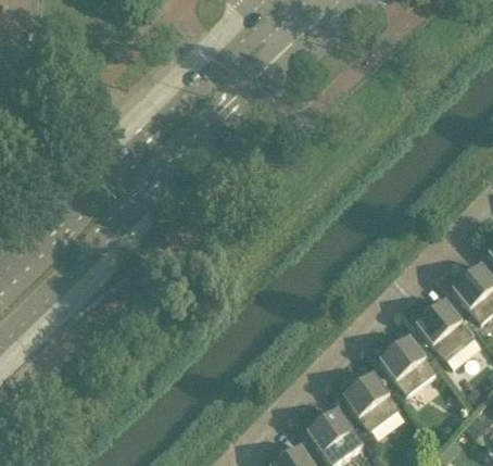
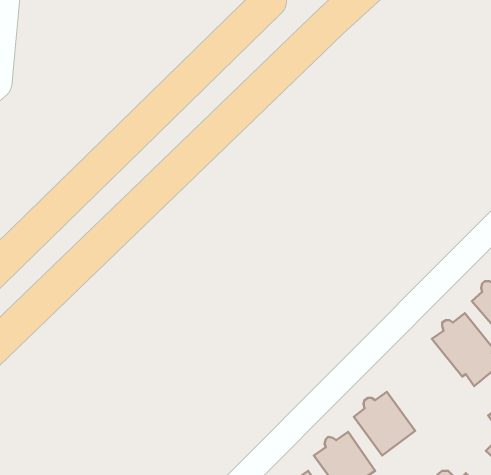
building: [379,333,437,393] -> none

